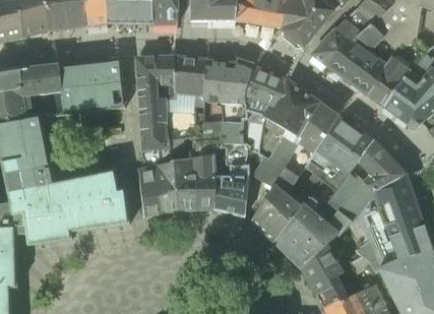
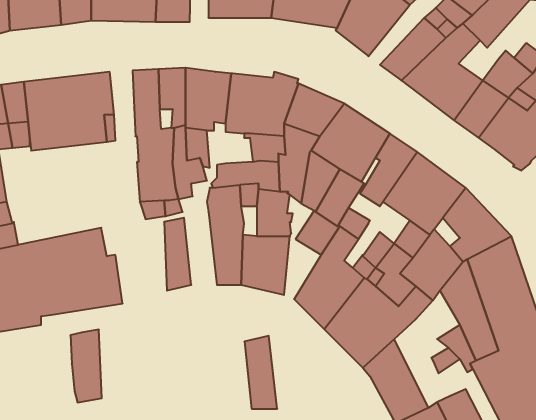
building: [173,158,196,209] -> [244,336,277,409]
building: [138,165,161,216] -> [70,330,102,402]

